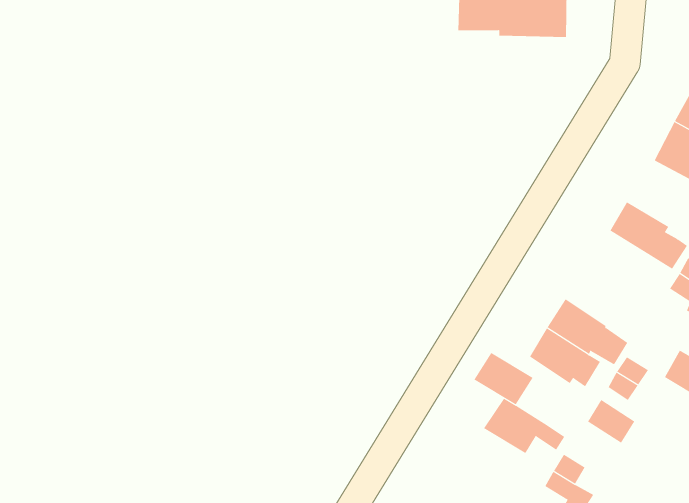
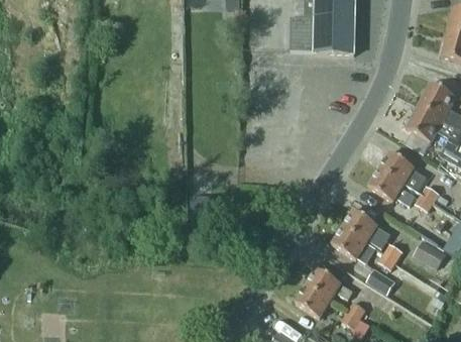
building: none -> [368,168,415,205]
building: [474,352,533,405] -> [295,286,330,317]

